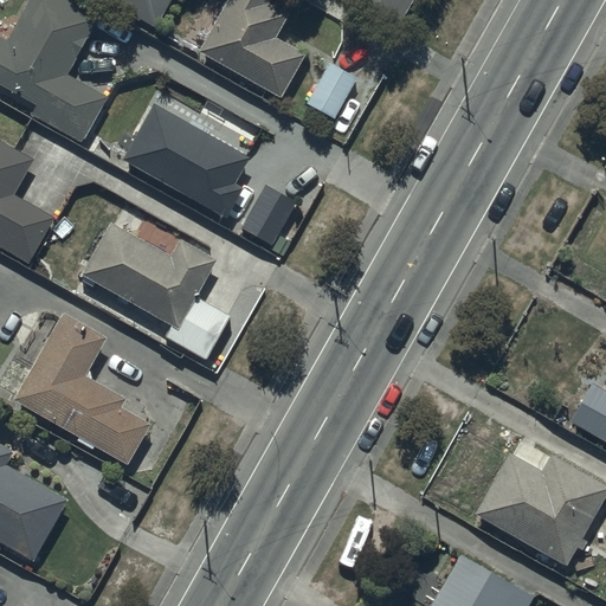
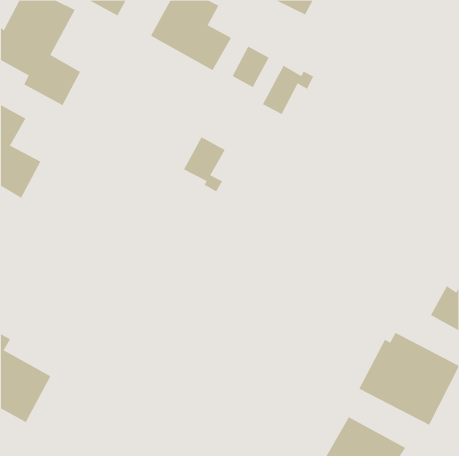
building: none -> [262,65,314,115]
building: [121,104,250,219] -> none
building: [80,224,228,357] -> none
building: [13,311,152,465] -> none

